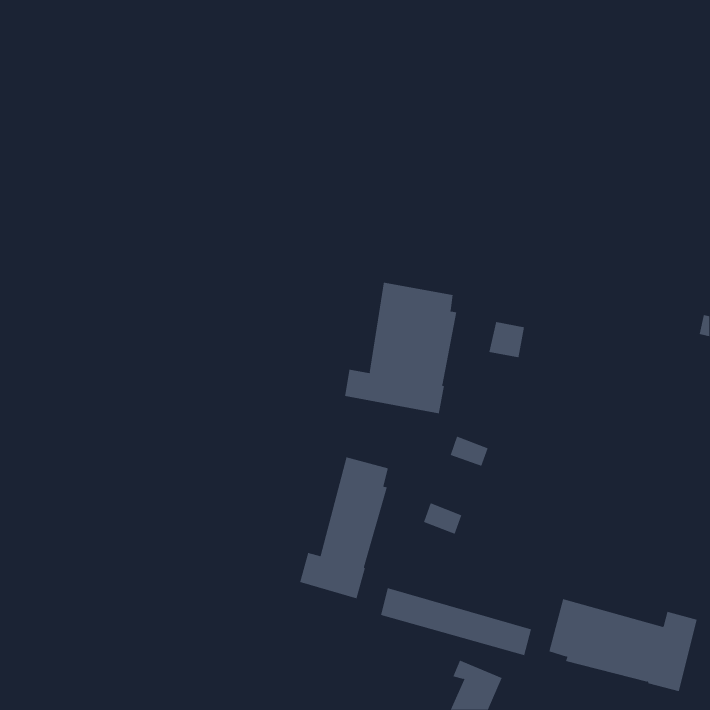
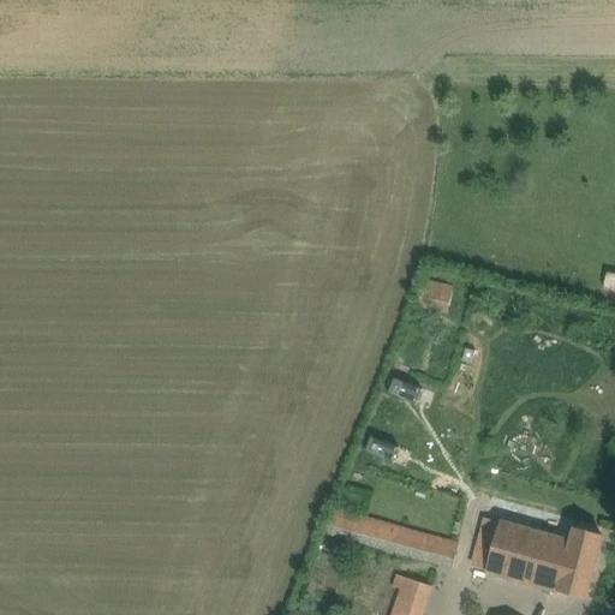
building: [345,282,457,414] -> none
building: [300,456,388,599] -> none

